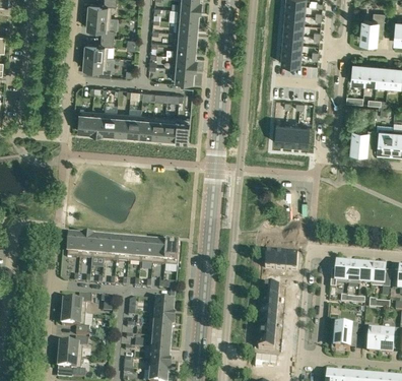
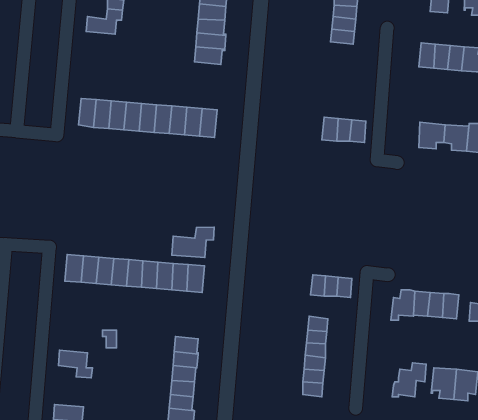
building: [83,55,111,76] -> none
building: none -> [172,227,214,258]
building: [63,294,92,314] -> none
building: [59,337,88,358] -> none

